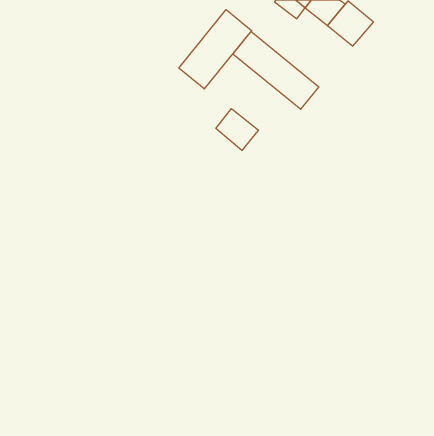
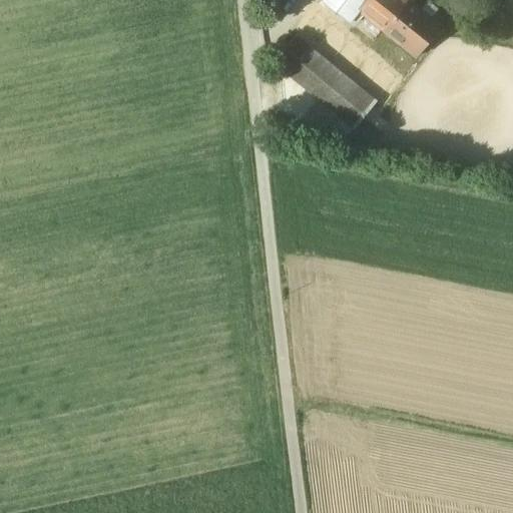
building: [179,10,252,89] -> none
building: [216,109,258,150] -> none

